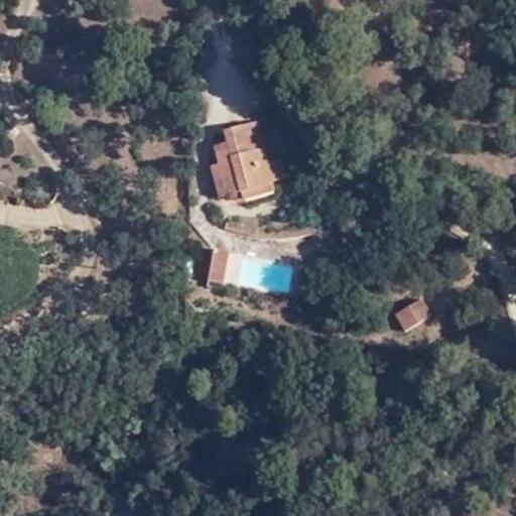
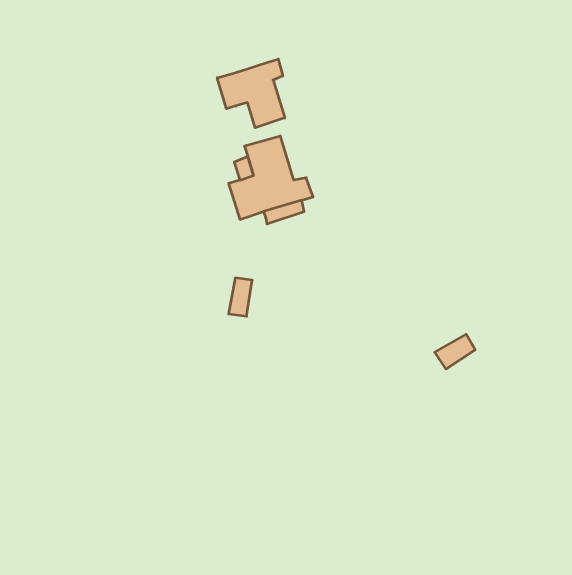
building: none -> [217,59,285,128]

